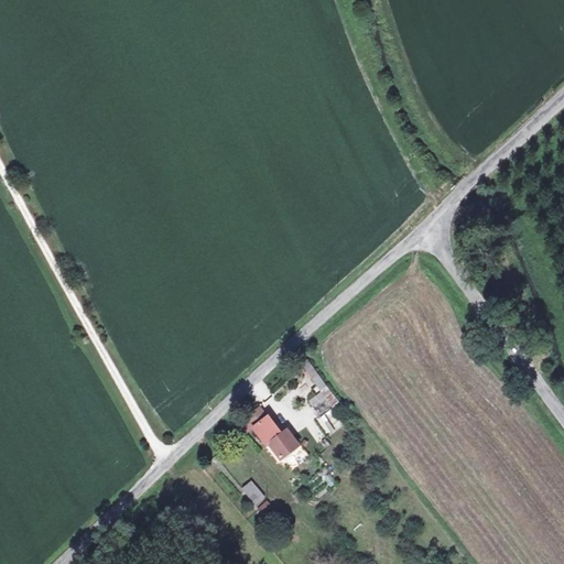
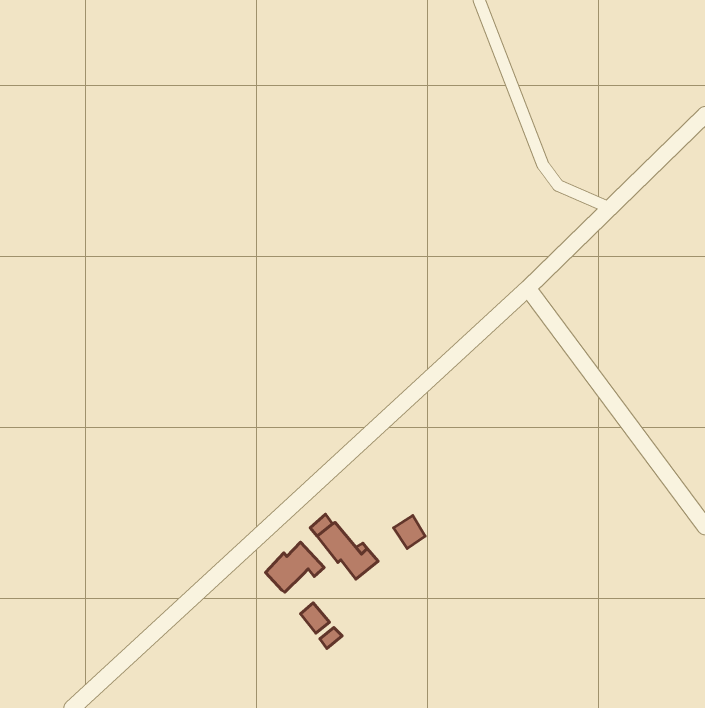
building: none -> [265,542,324,592]

